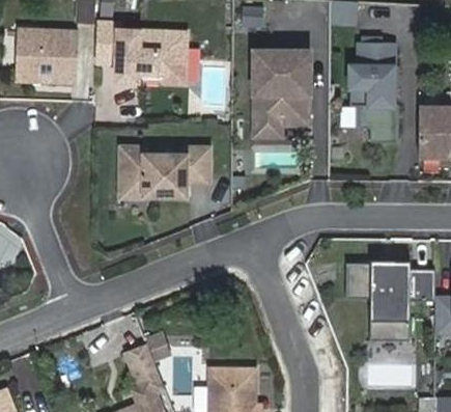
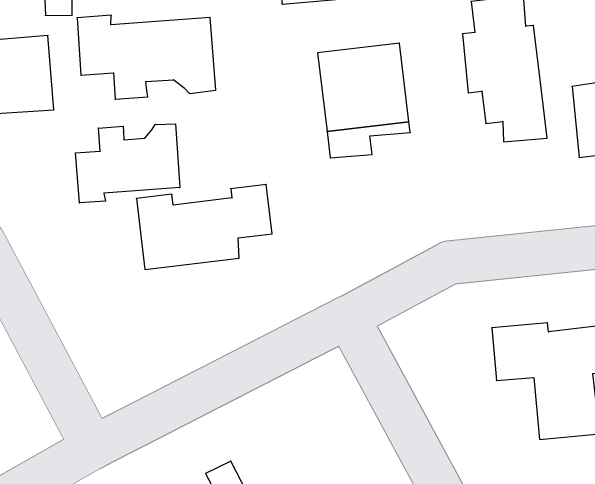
building: none -> [75,124,180,203]

